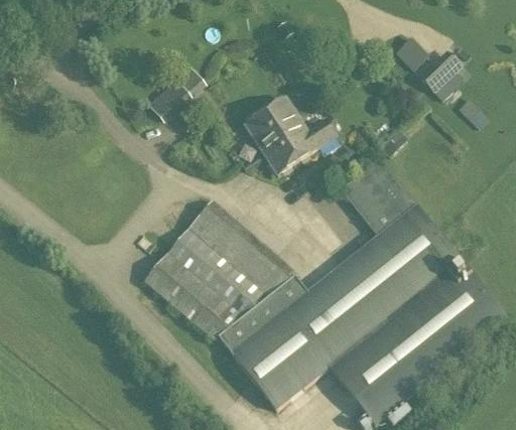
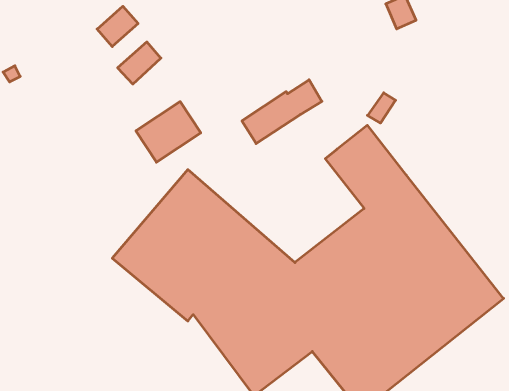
building: none -> [97,6,138,47]
building: [417,49,462,93] -> none
building: [244,98,304,154] -> [136,102,201,162]

